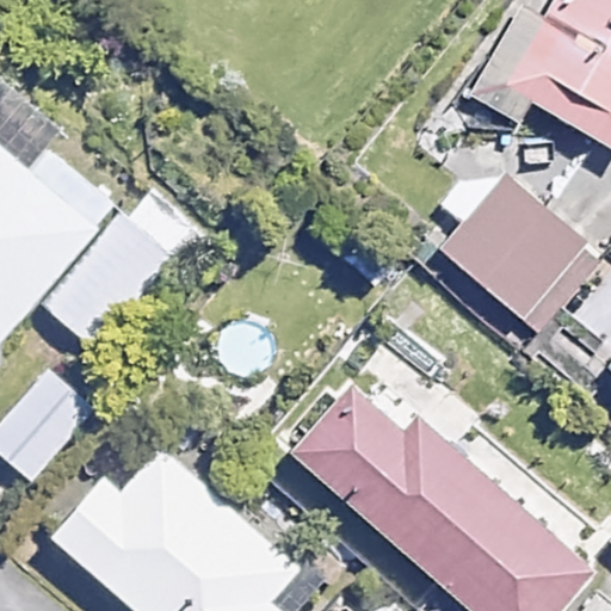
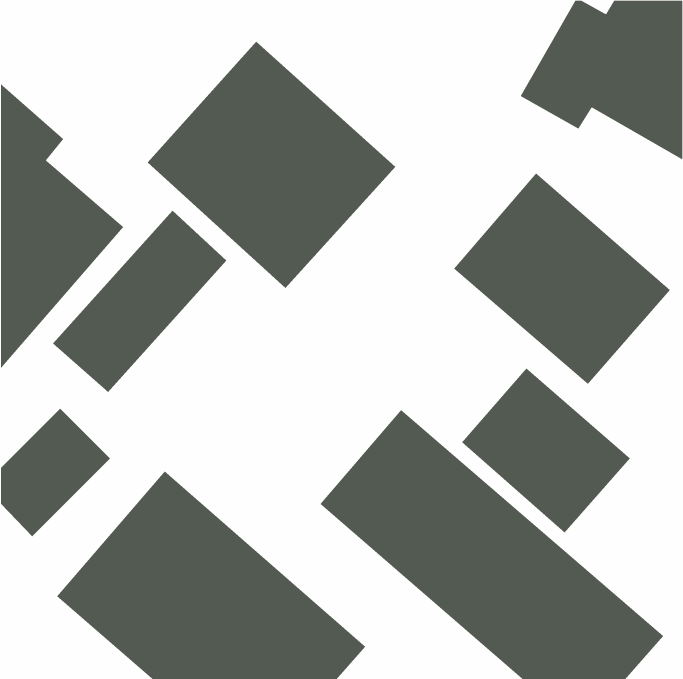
building: none -> [147,41,396,289]
building: none -> [461,367,631,534]

